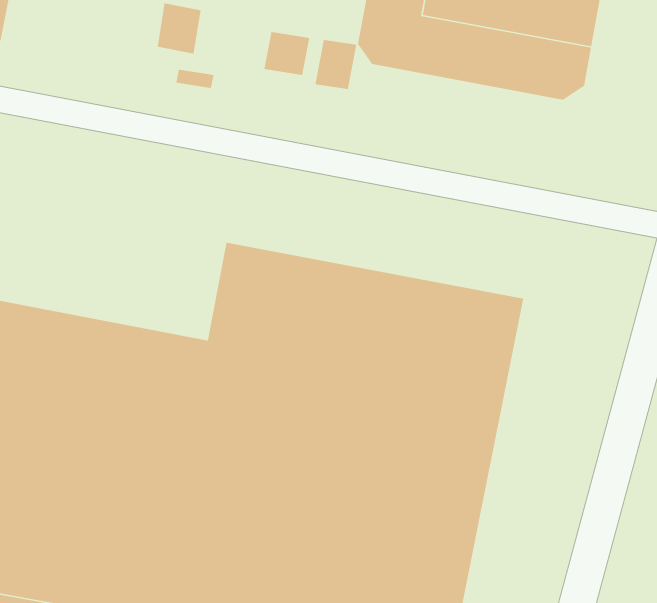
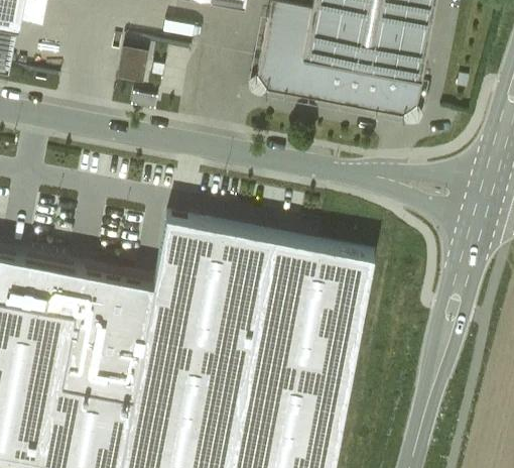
building: [263,31,310,76] -> none
building: [314,39,357,90] -> none

